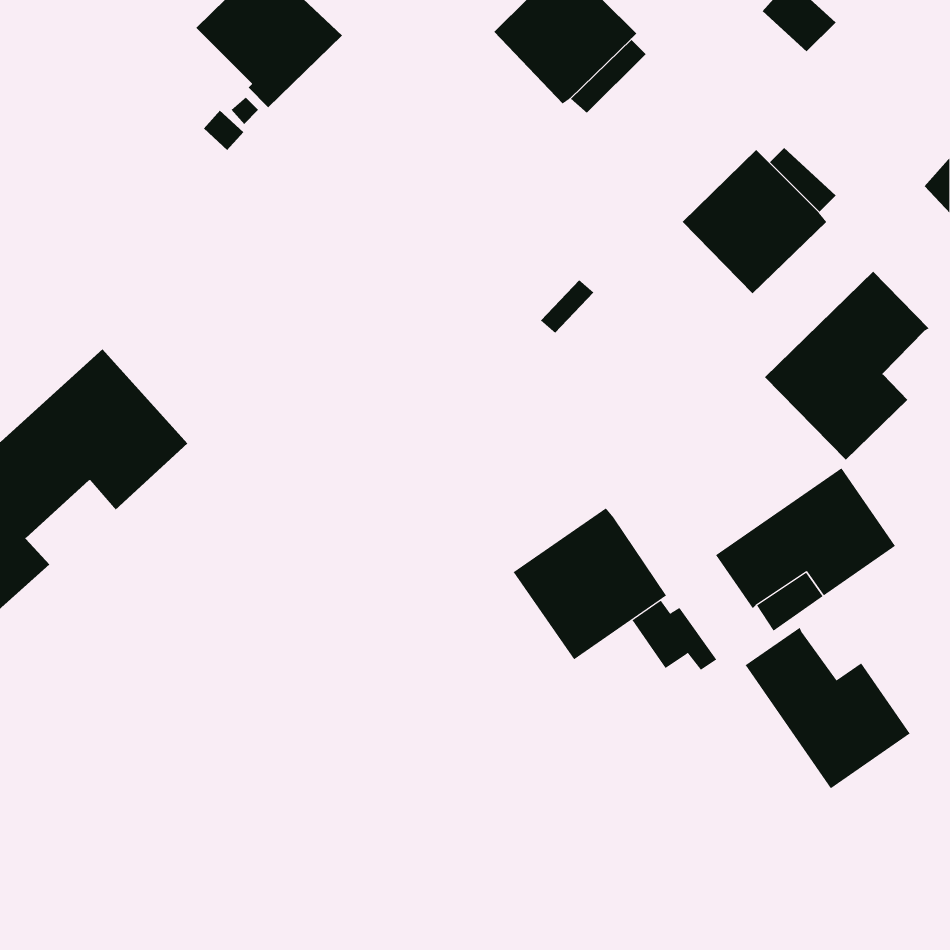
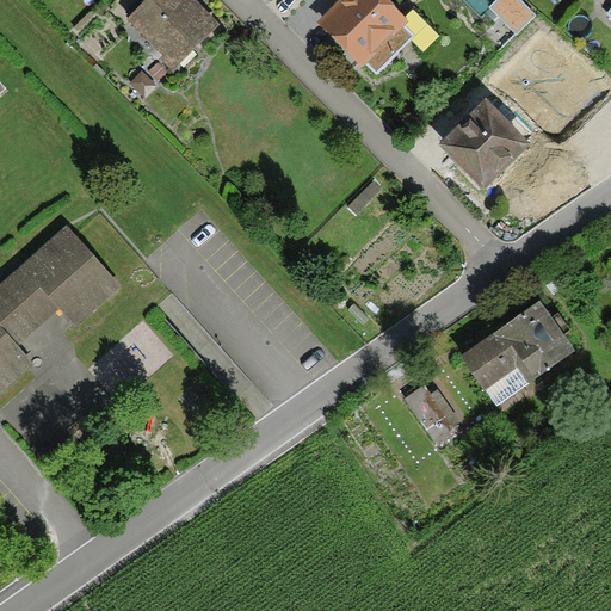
building: [764,271,929,461] -> none
building: [513,508,667,660] -> none
building: [745,627,911,789] -> none

